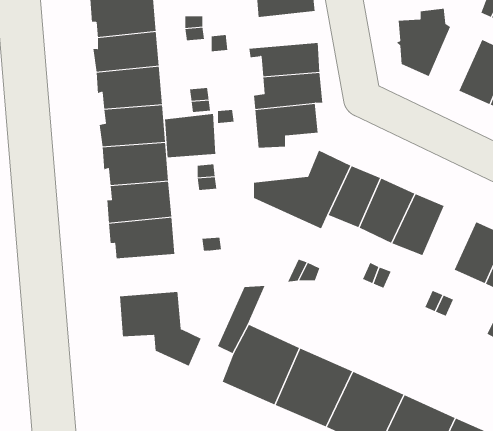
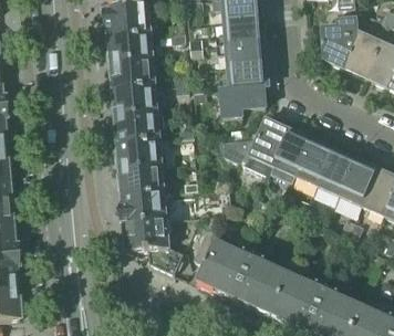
building: none -> [215,20,266,46]
building: none -> [344,31,382,76]
building: [164,113,216,158] -> none
building: none -> [340,158,377,203]
building: none -> [118,192,166,222]

